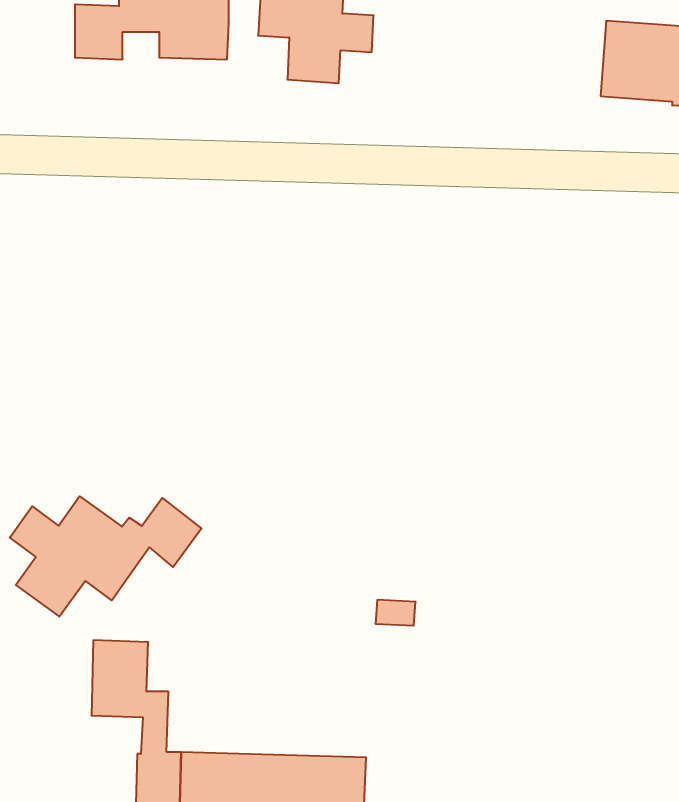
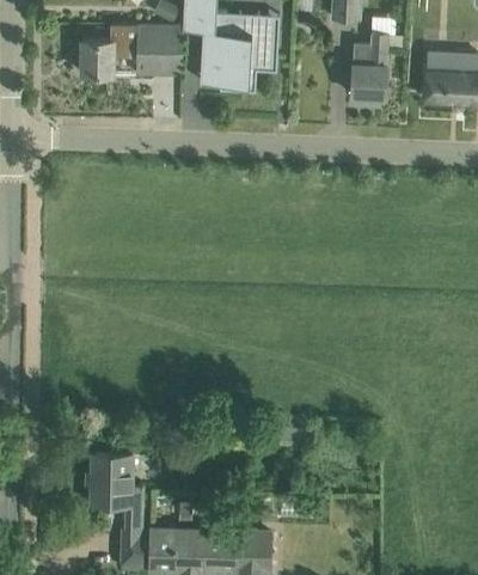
building: none -> [350,44,386,98]
building: [10,496,202,617] -> none

